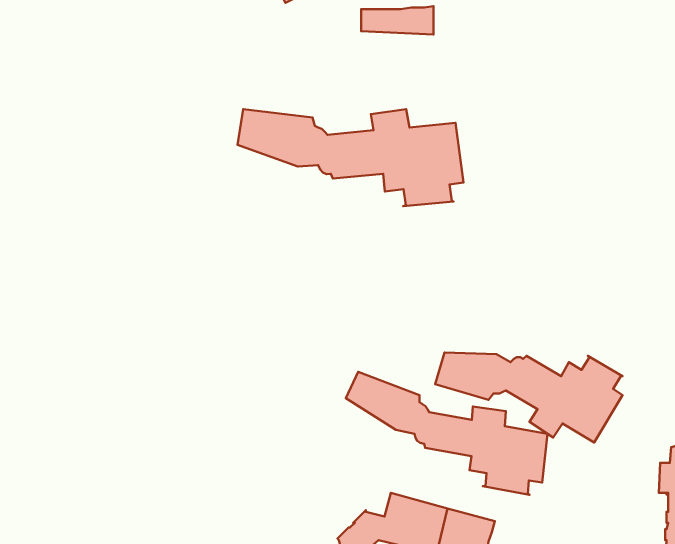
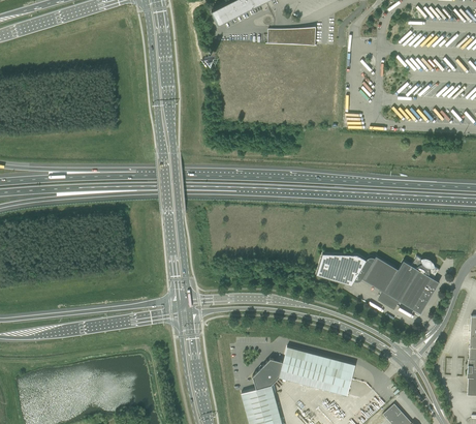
building: [237,109,463,206] -> none
building: [346,372,547,495] -> none

